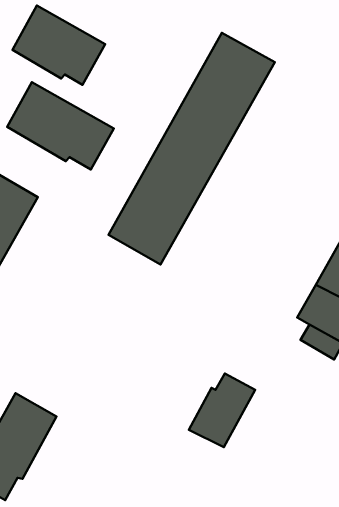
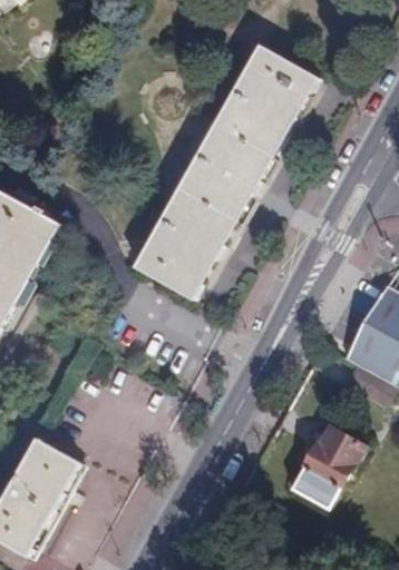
building: [12,6,105,85] -> none
building: [7,82,114,170] -> none
building: [189,374,255,447] -> [291,425,363,505]

